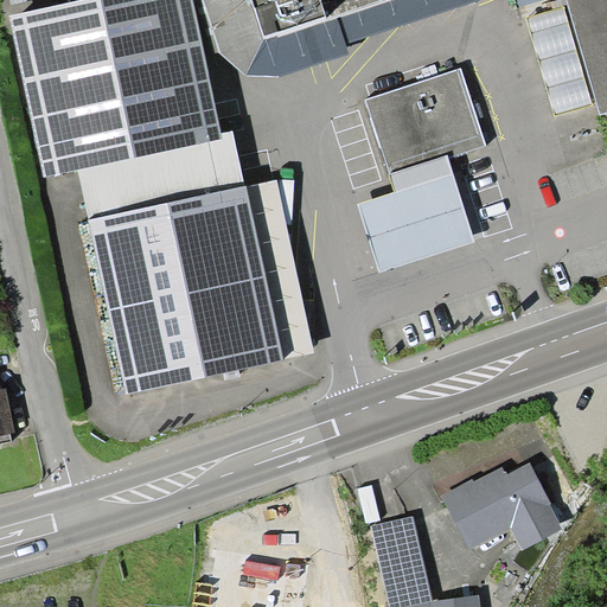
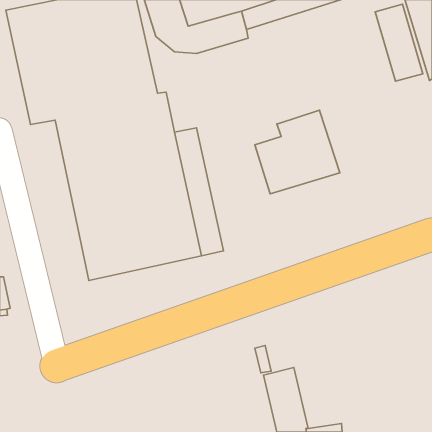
building: [364,66,486,173] -> none
building: [439,461,562,549] -> none

